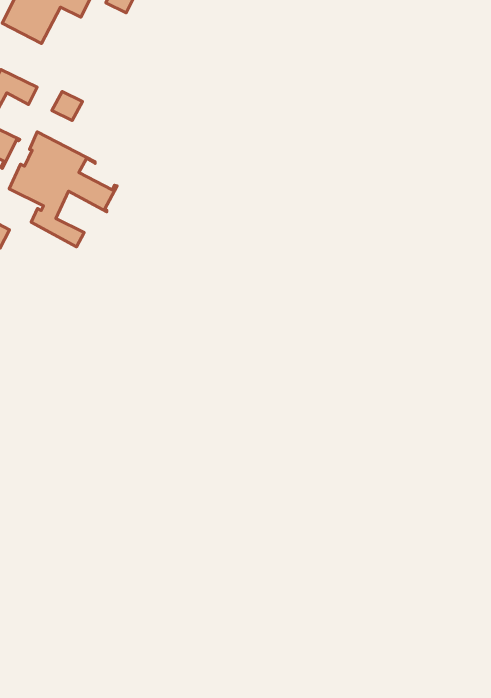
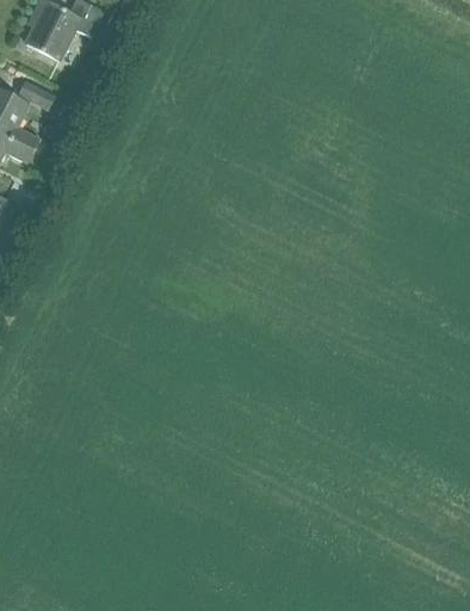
building: [9,132,117,247] -> none

